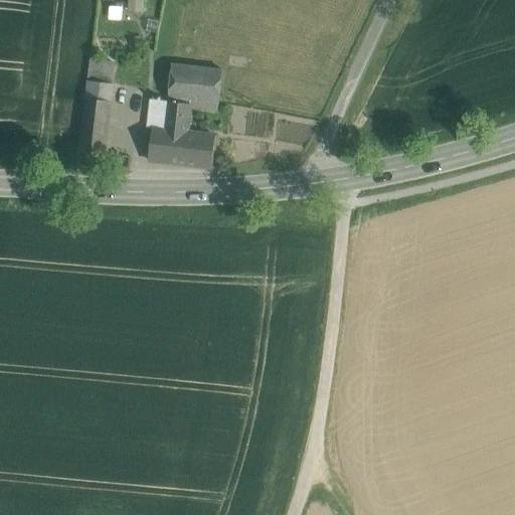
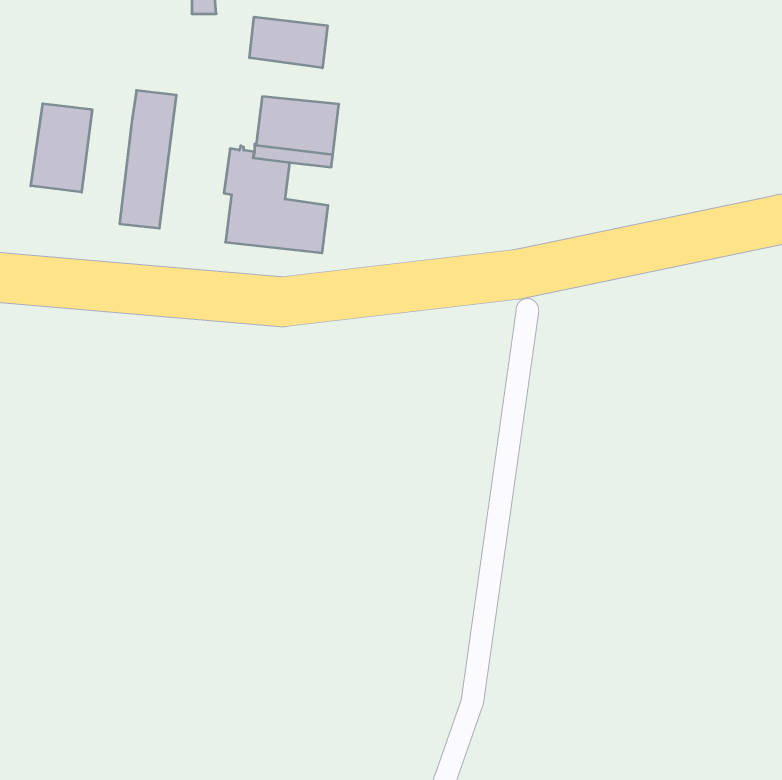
building: none -> [250,17,327,68]
building: none -> [31,104,92,192]

